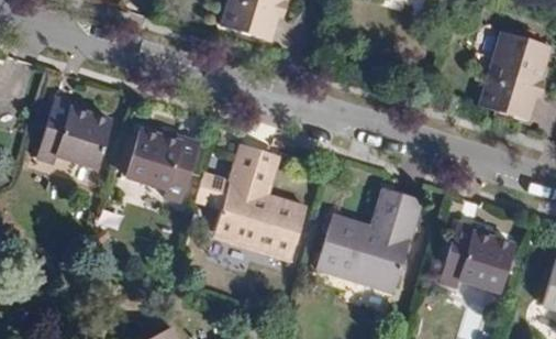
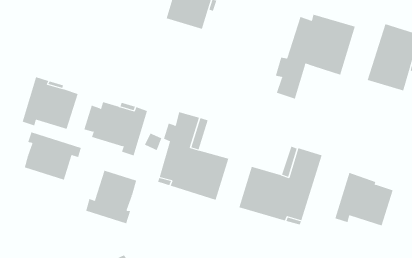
building: none -> [275,14,355,100]
building: none -> [24,132,81,180]
building: none -> [86,170,137,224]

